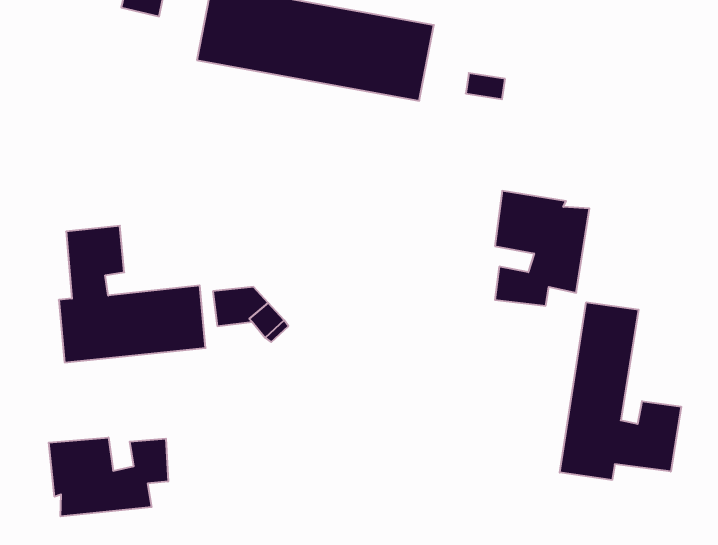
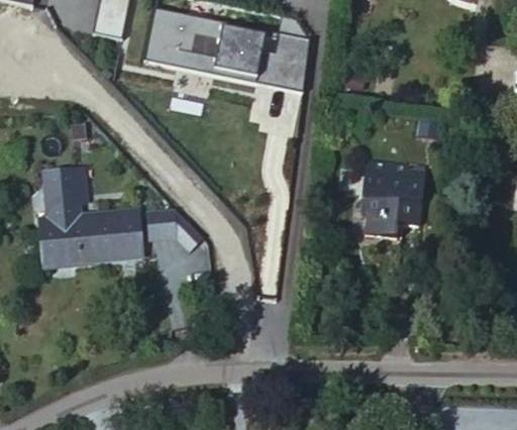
building: [560,302,681,480] -> none
building: [49,437,168,516] -> none

